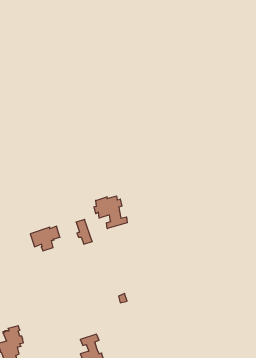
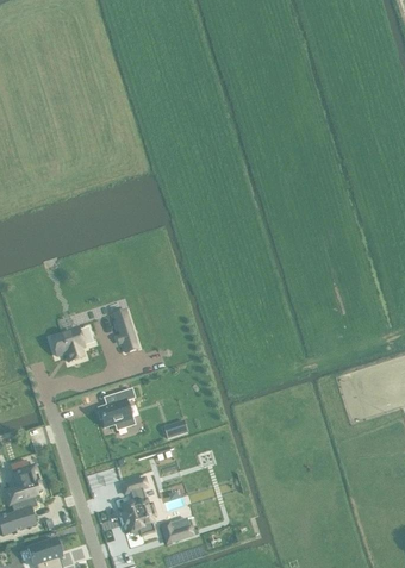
building: [94,196,127,229] -> none
building: none -> [96,388,133,430]

